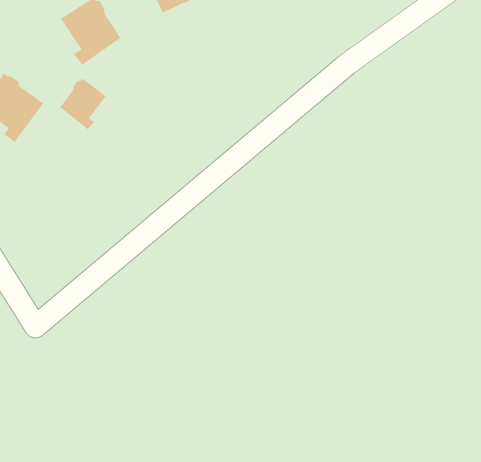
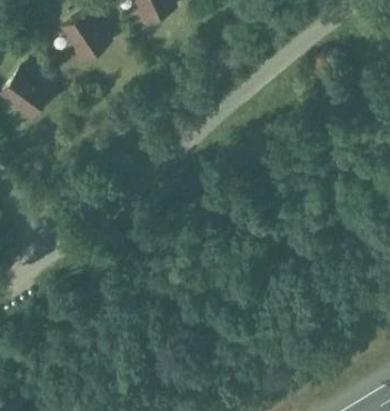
building: [60,78,107,130] -> none

